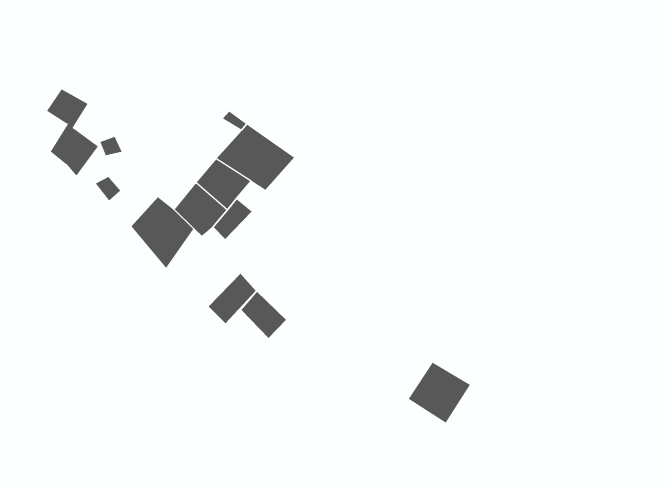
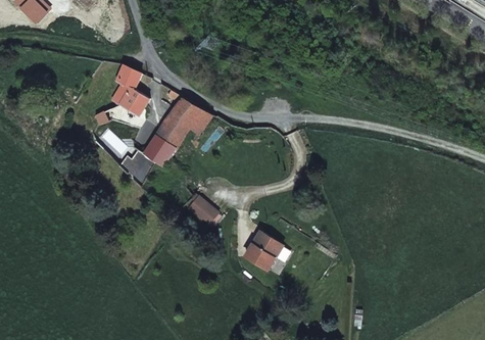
building: [46,88,99,177] -> [114,64,148,117]
building: [208,273,256,324] -> none
building: [408,362,471,423] -> [244,233,282,270]

